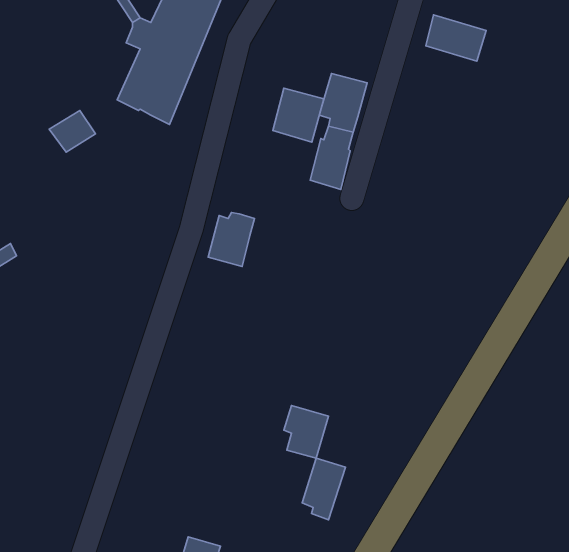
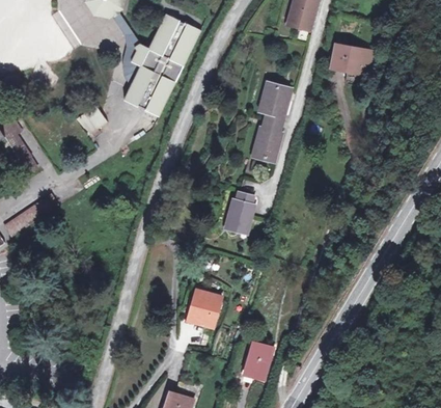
building: [273,88,324,142] -> none
building: [208,212,255,266] -> [227,197,258,234]
building: [284,406,329,458] -> [190,293,220,328]

